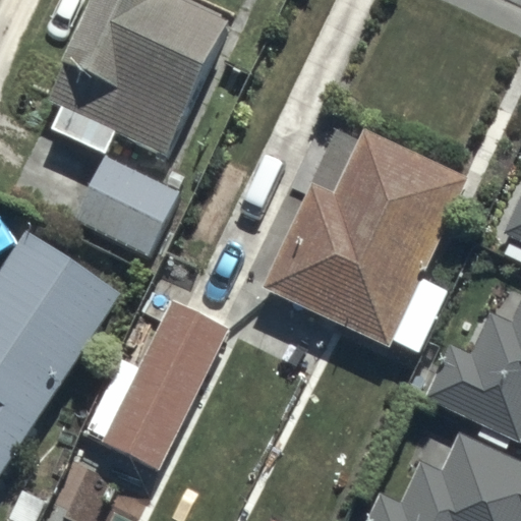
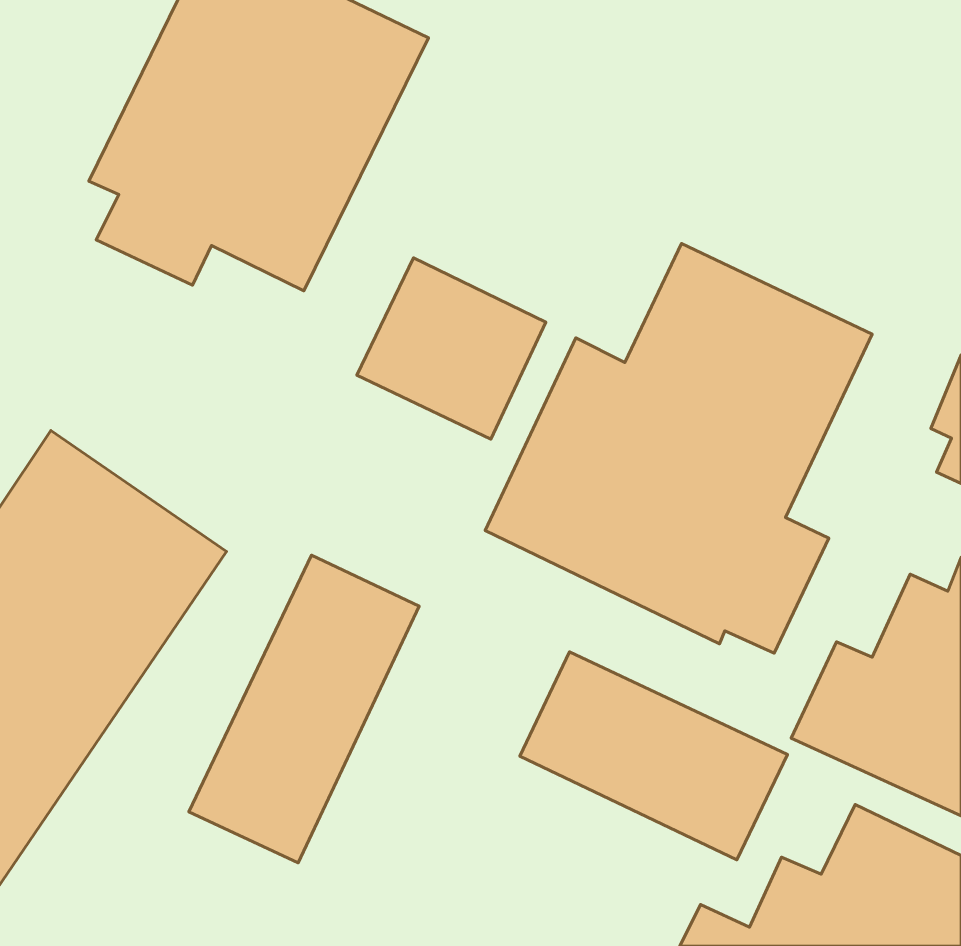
building: [76,155,178,252] -> [357,258,546,439]
building: none -> [520,652,788,860]

